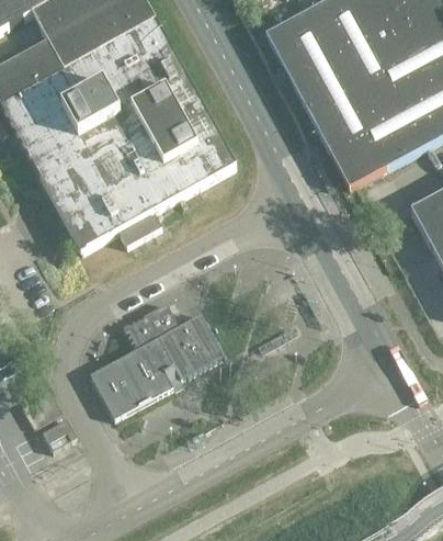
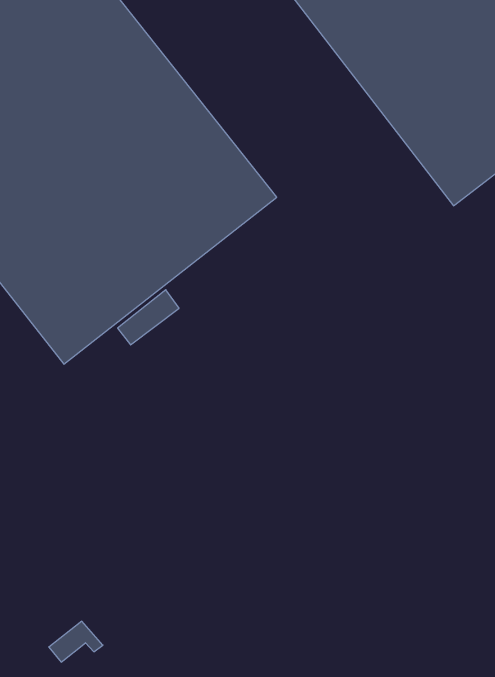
building: [83,300,224,421] -> none

